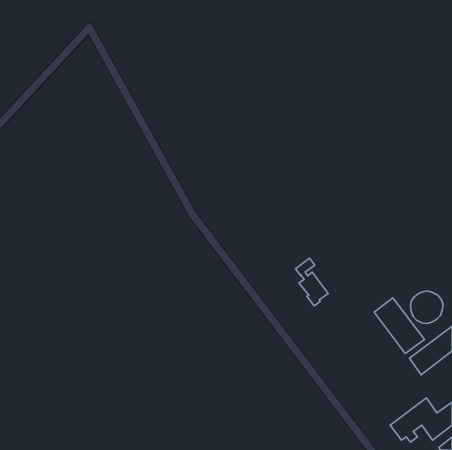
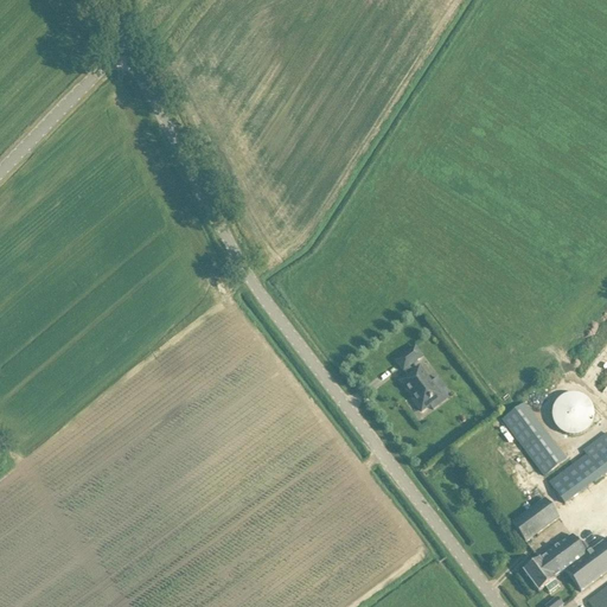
building: none -> [511,498,558,542]

